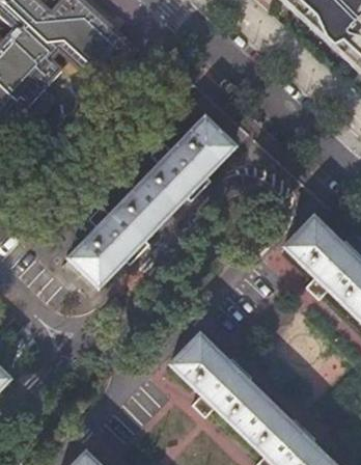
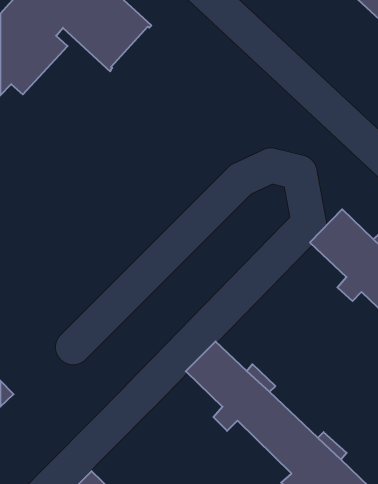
building: [63,117,232,292] -> none

